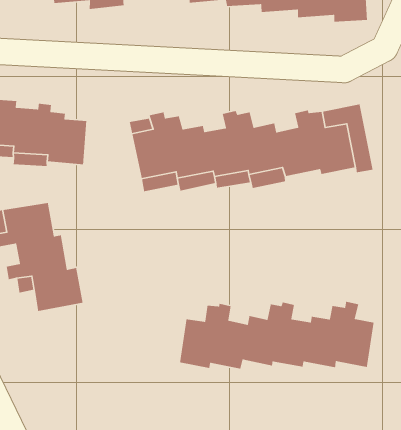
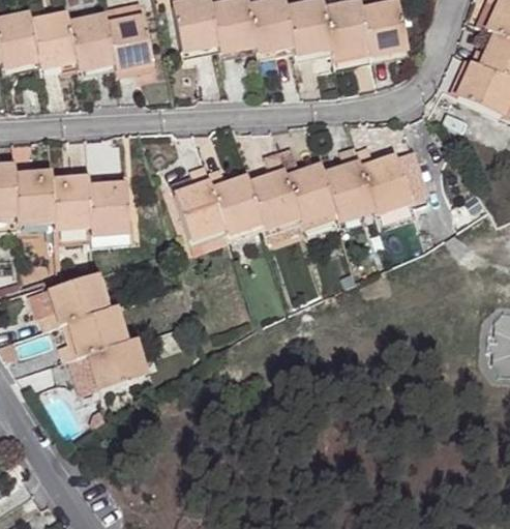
building: [179,301,375,370] -> none

